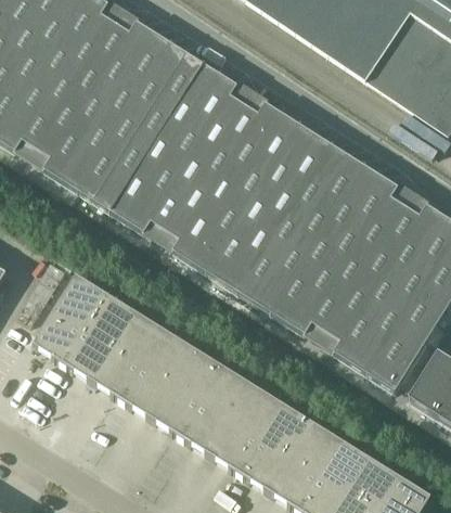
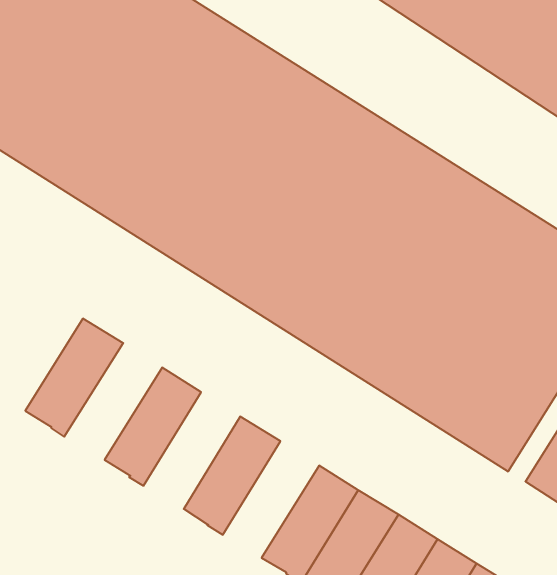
building: [61,292,134,380] -> none
building: [120,329,193,416] -> none
building: [180,365,253,453] -> none

